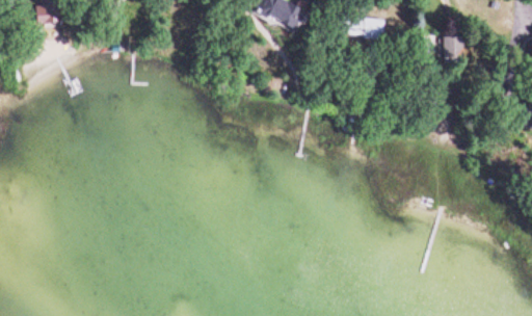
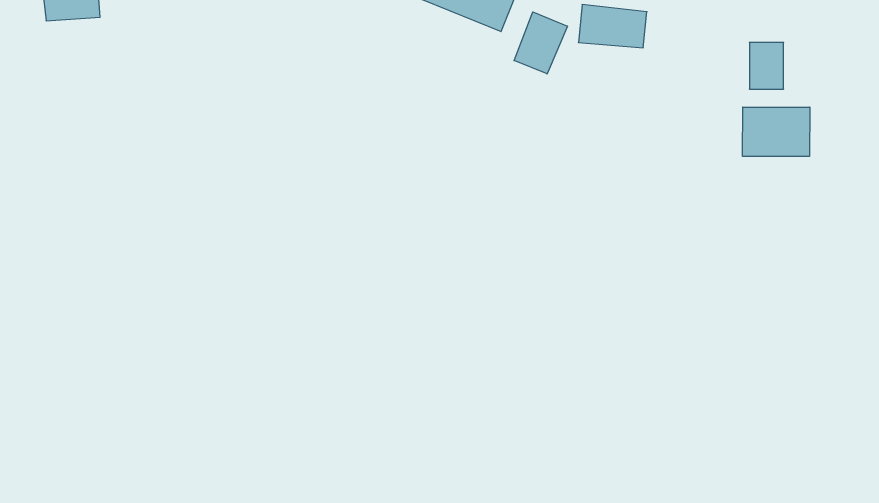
building: none -> [514,12,567,74]
building: none -> [743,107,810,156]

